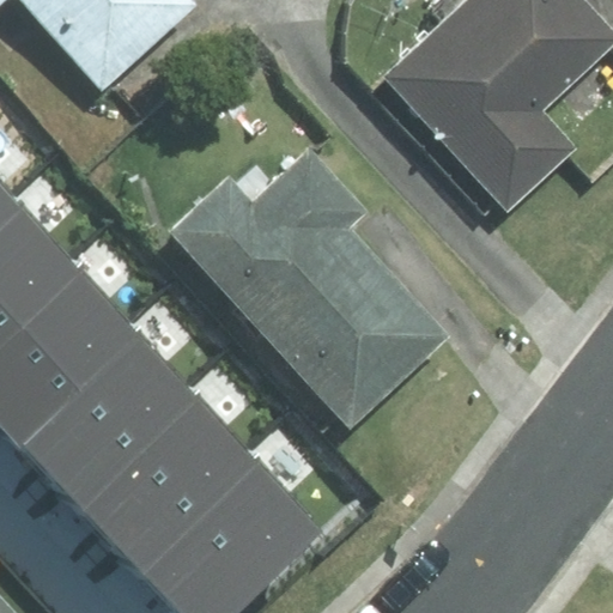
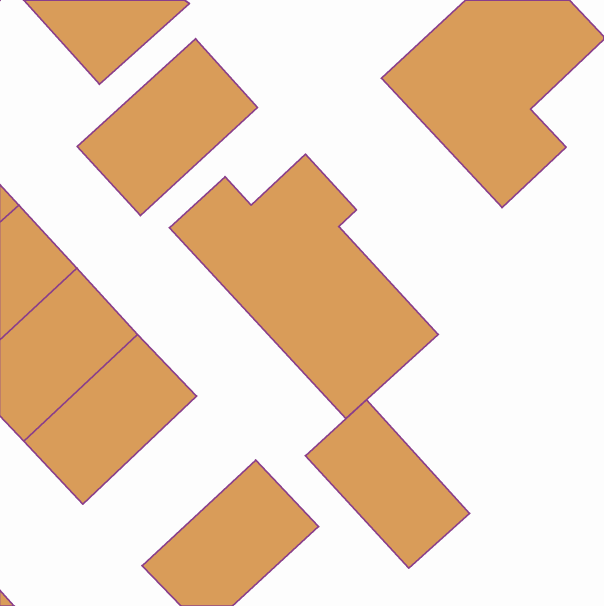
building: none -> [77,39,257,216]
building: [84,400,259,571] -> none
building: none -> [305,400,470,568]

